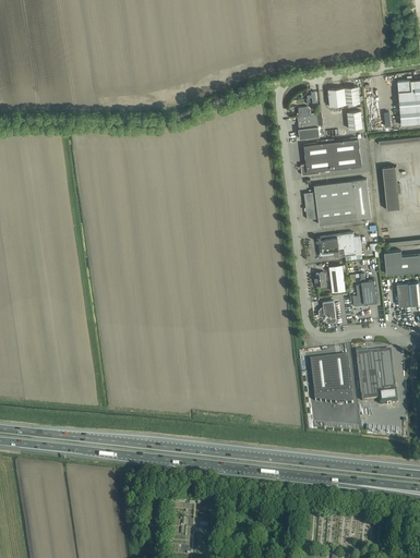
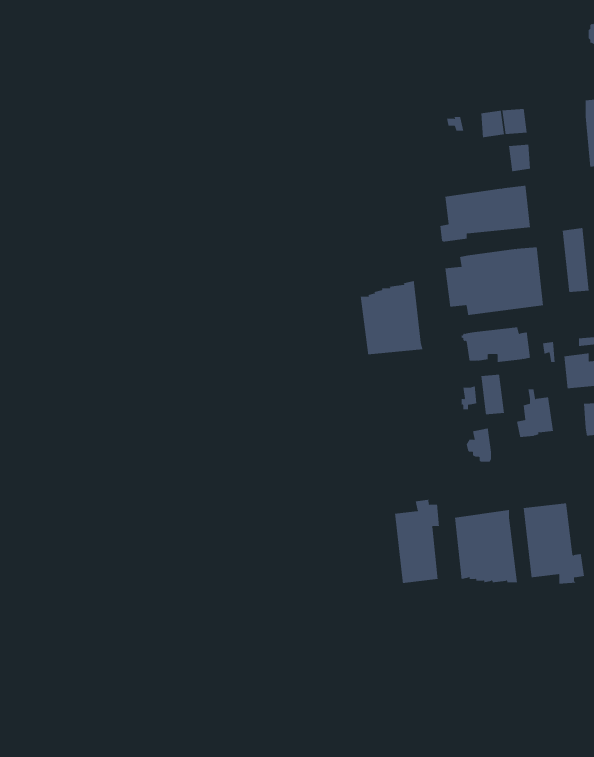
building: [298,107,320,140] -> none
building: none -> [360,280,423,355]
building: none -> [395,499,440,584]

